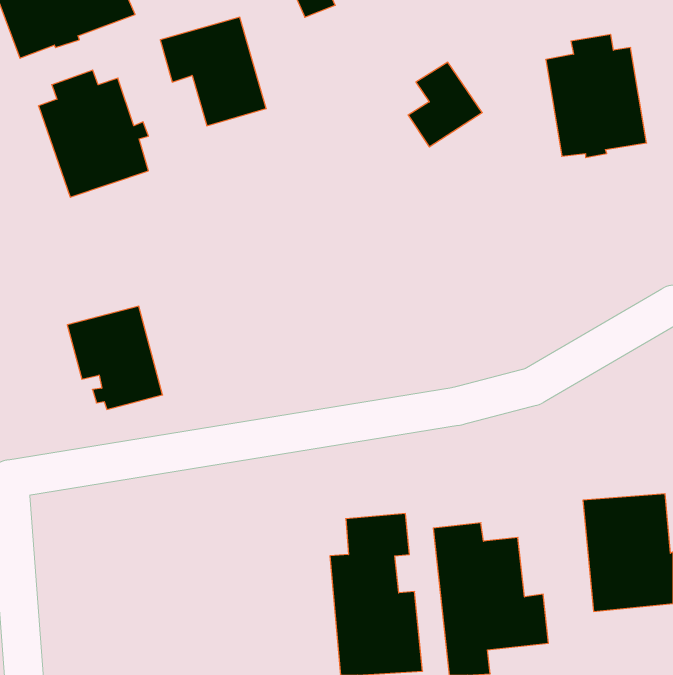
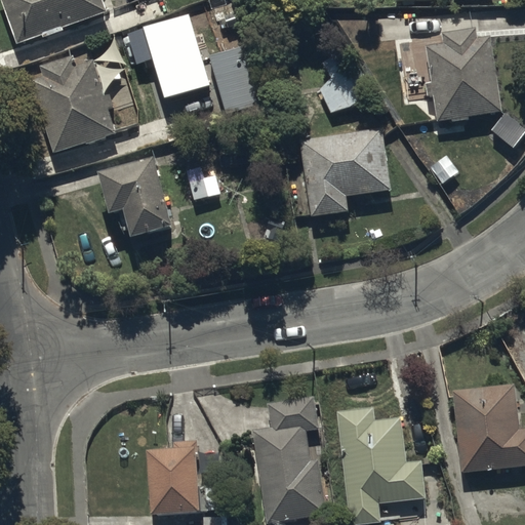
building: none -> [208,42,267,115]
building: none -> [300,130,391,217]
building: [67,306,163,409] -> [102,157,175,237]
building: none -> [148,440,202,515]

